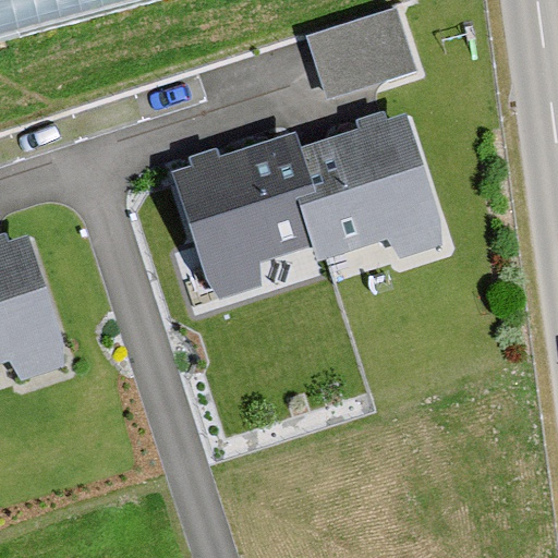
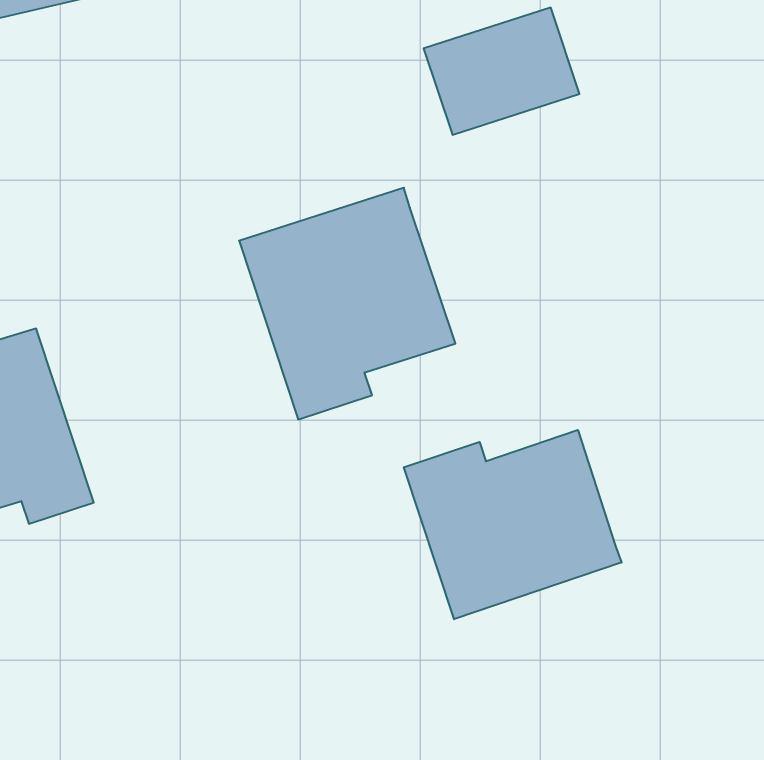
building: [295,113,447,257] -> none
building: none -> [404,430,622,619]

